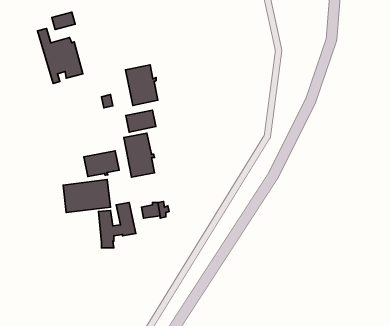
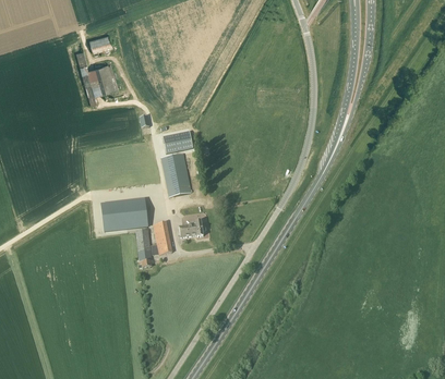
building: [126,65,158,106] -> none
building: [84,151,119,176] -> none

